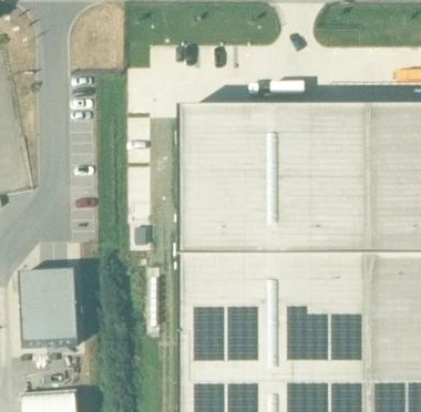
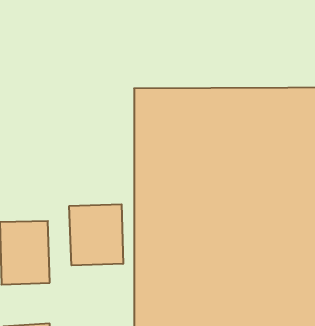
building: none -> [69,204,123,265]

